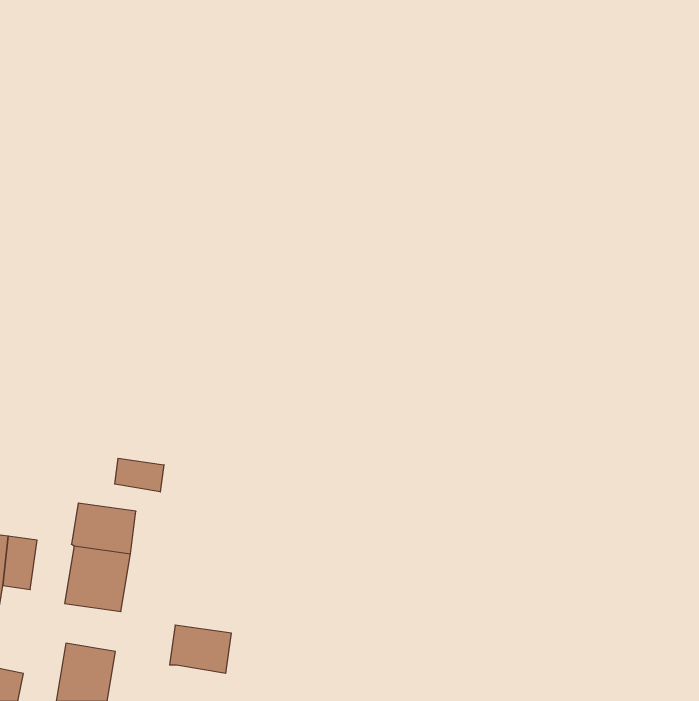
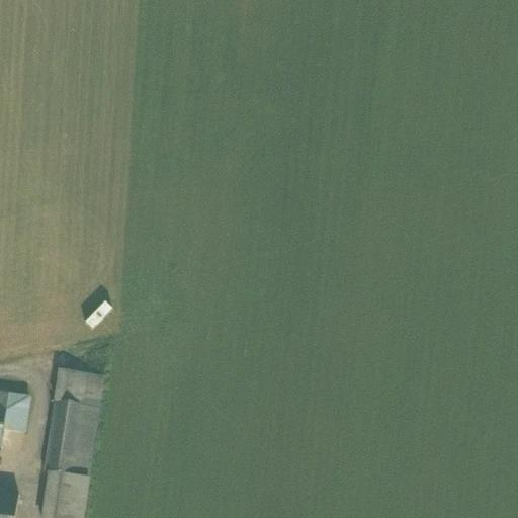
building: [115,458,164,492] -> none
building: [170,625,231,673] -> [44,444,89,480]

